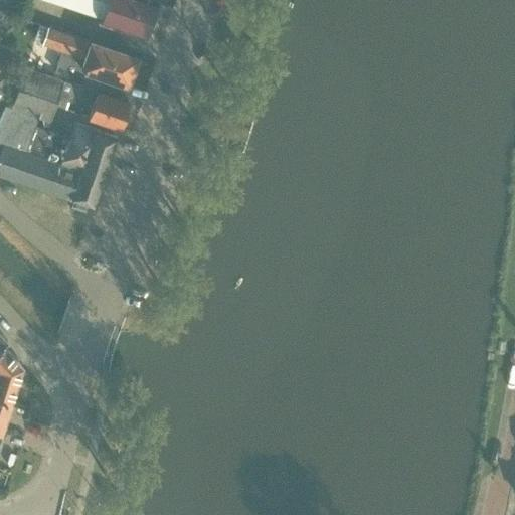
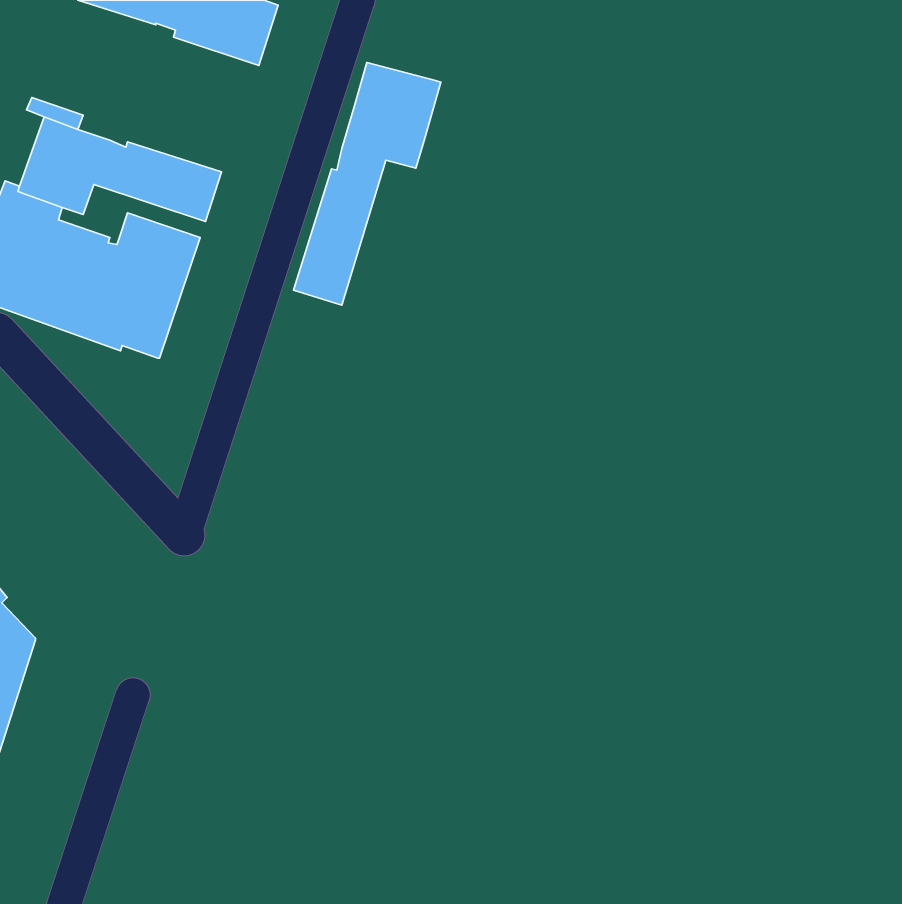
building: [32,25,135,94] -> none
building: none -> [293,62,441,305]

